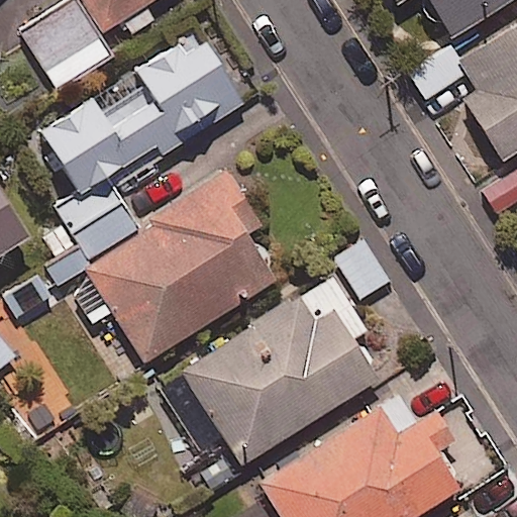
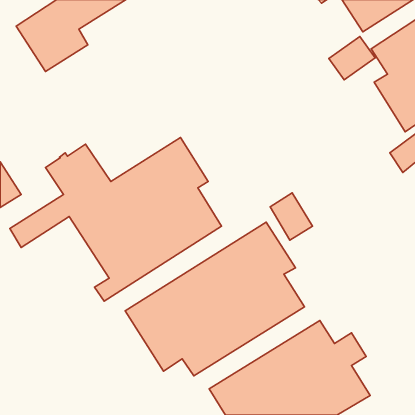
building: [36,31,240,195] -> none

